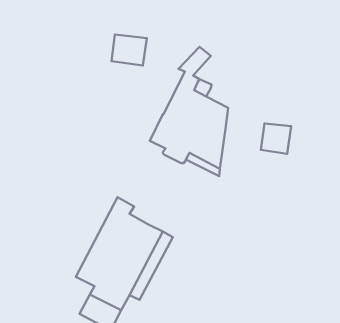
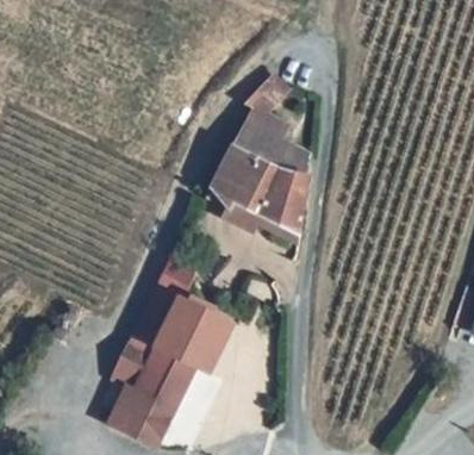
building: [111,35,147,66] -> none
building: [261,123,291,154] -> none

